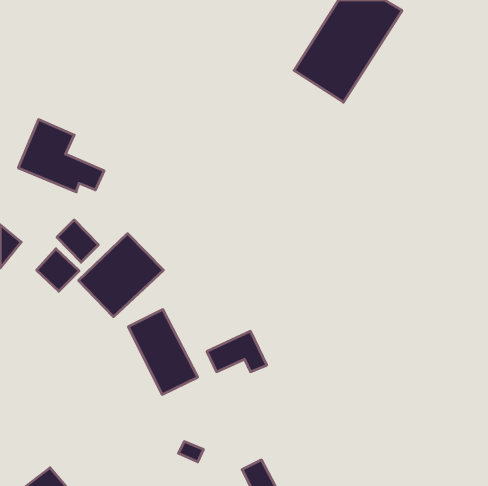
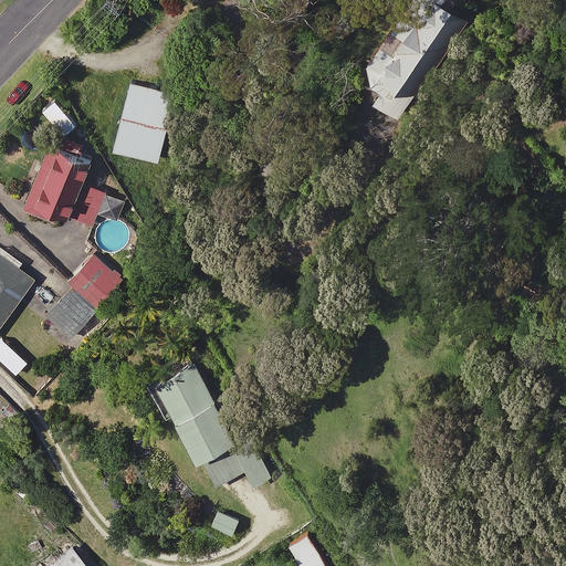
building: none -> [111,83,175,168]
building: [79,234,163,317] -> none
building: [207,331,267,372] -> [203,442,272,489]

